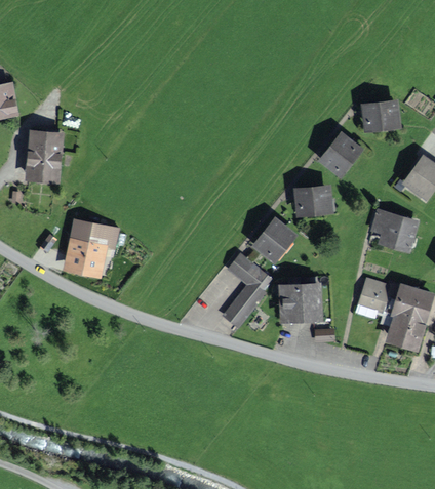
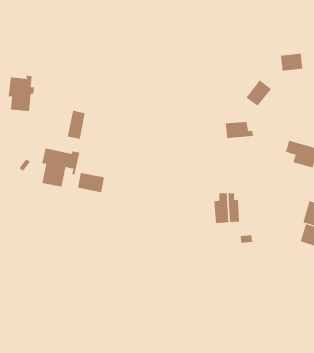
building: none -> [67,110,85,139]
building: [258,223,290,257] -> none
building: none -> [77,172,105,193]
building: [225,257,268,325] -> none
building: [358,280,402,317] -> none

